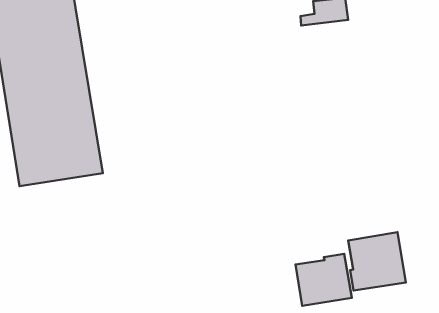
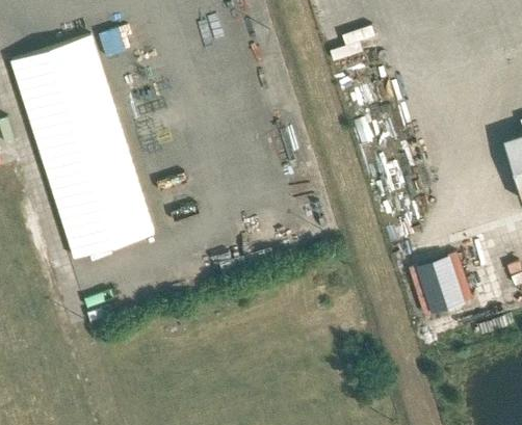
building: [296,254,352,306] -> none

